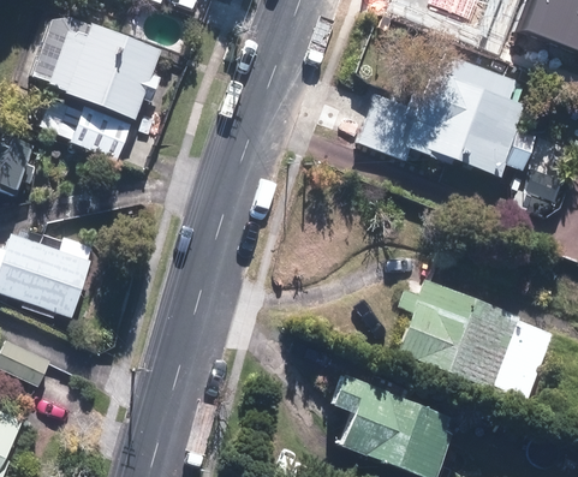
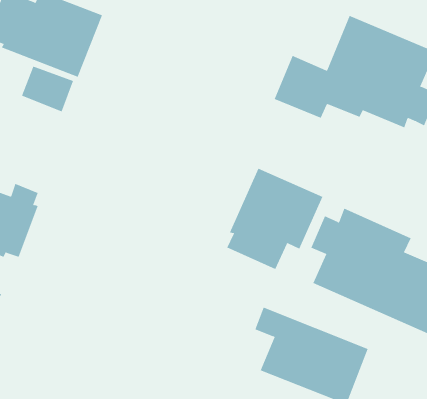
building: none -> [227,168,323,270]

